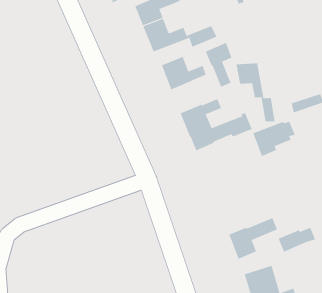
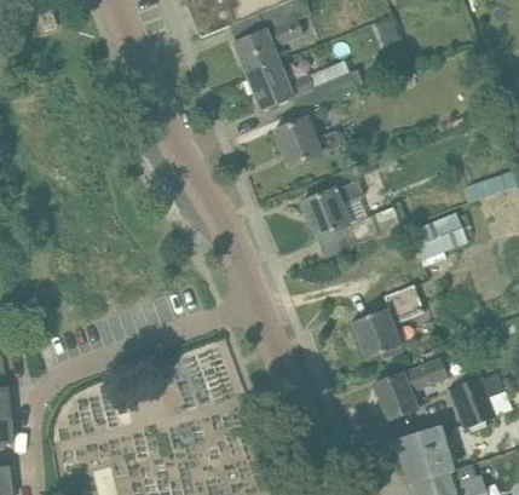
building: [205,42,232,87] -> none
building: [236,63,275,122] -> none
building: none -> [350,283,425,359]
building: none -> [456,395,498,427]

